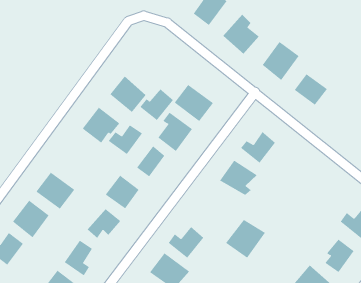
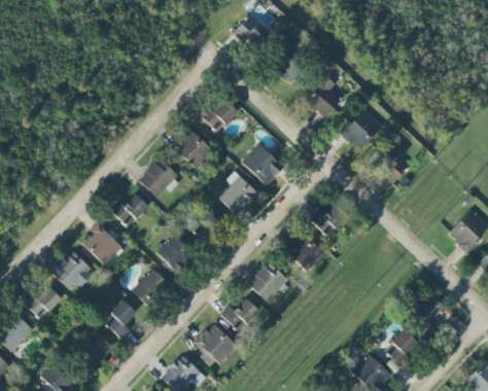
building: [140,88,174,121] -> [200,97,238,132]
building: [108,124,143,155] -> [109,193,148,226]
building: [225,219,266,259] -> [244,261,289,305]

